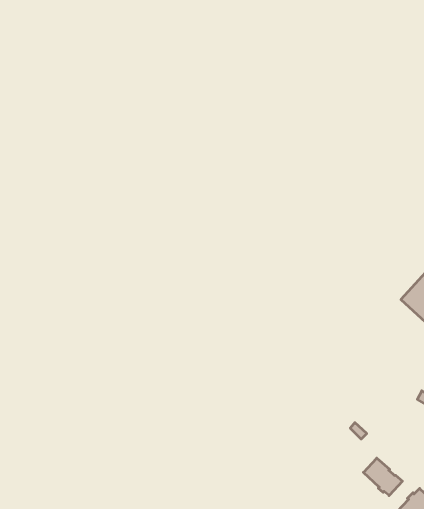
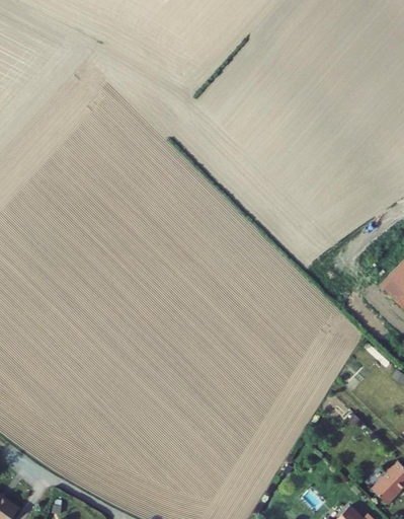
building: [363,458,402,496] -> none

